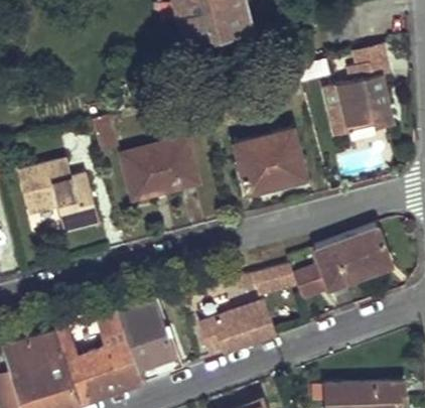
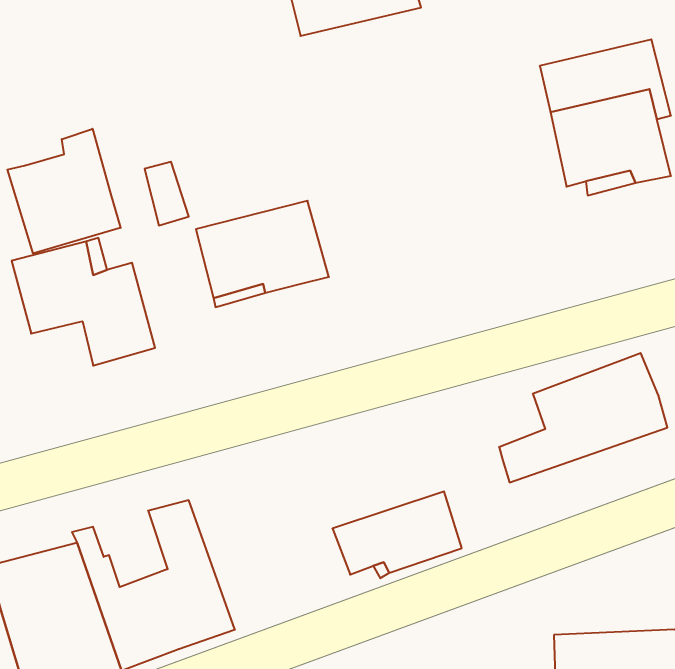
building: none -> [7,129,121,254]
building: [232,127,304,191] -> none
building: [251,263,296,295] -> none
building: [118,299,183,381] -> none

